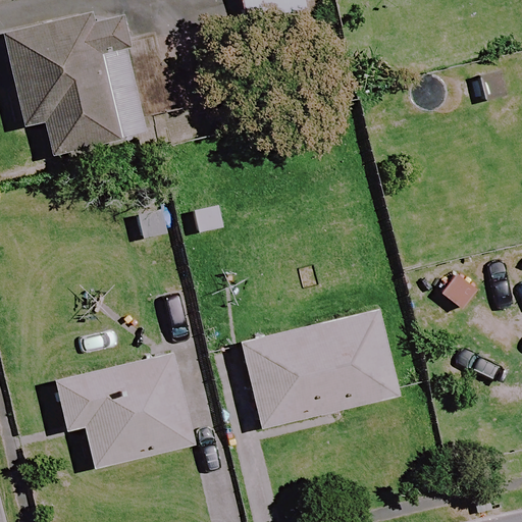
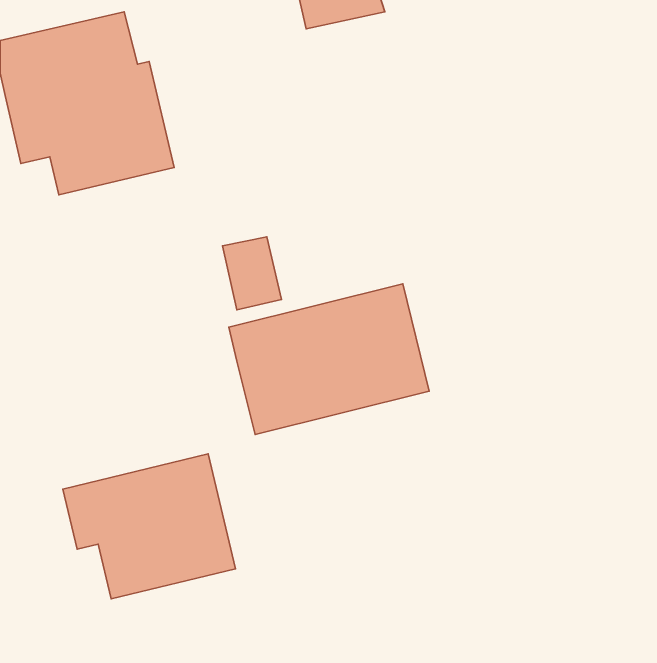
building: [243,309,399,426] -> [229,284,429,434]

